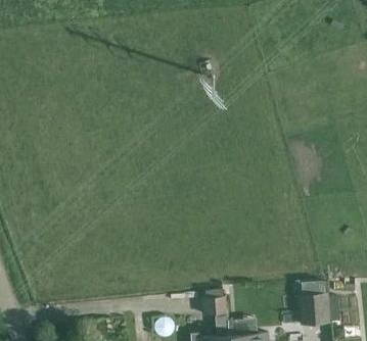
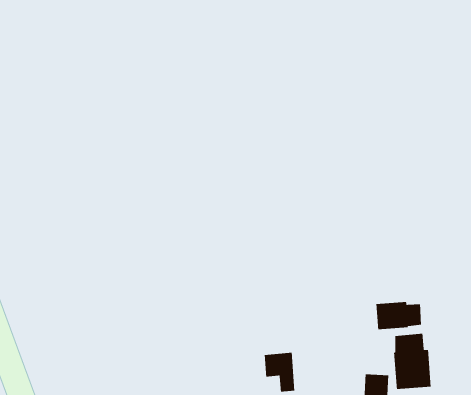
building: none -> [376,301,422,330]

